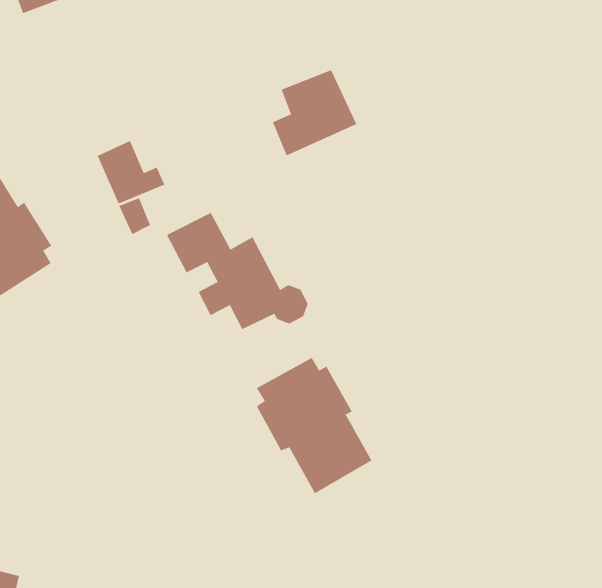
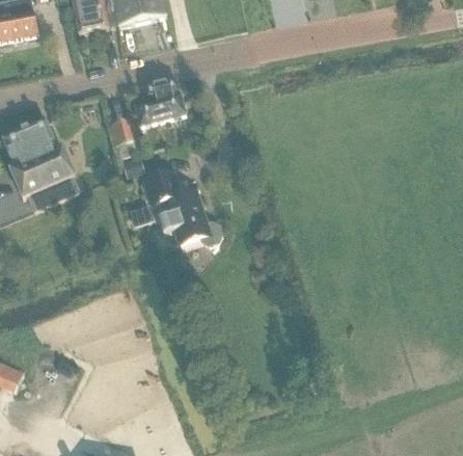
building: [272,70,357,156] -> [134,78,185,126]
building: [256,357,372,494] -> none

